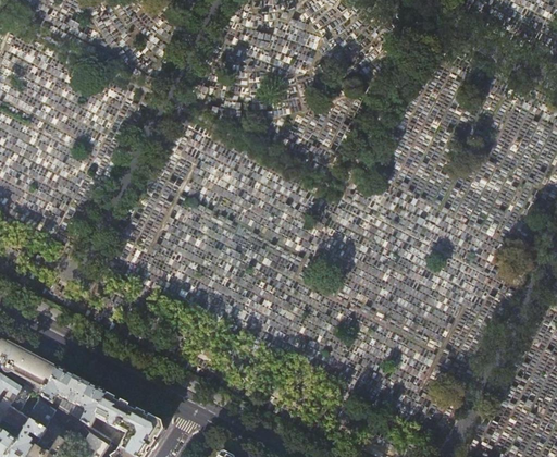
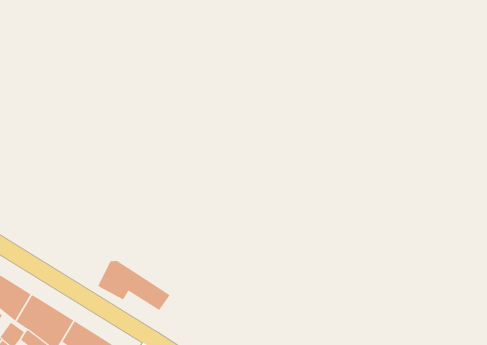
building: none -> [97,260,171,311]

